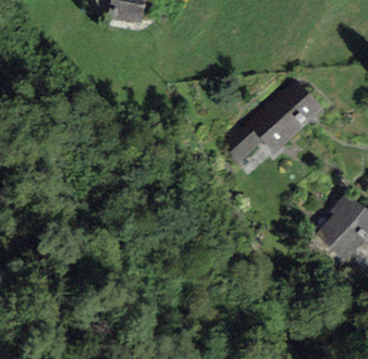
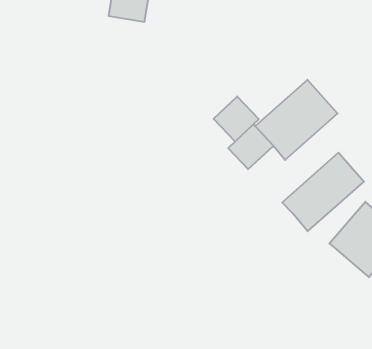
building: none -> [214,96,259,142]
building: none -> [282,153,364,231]

